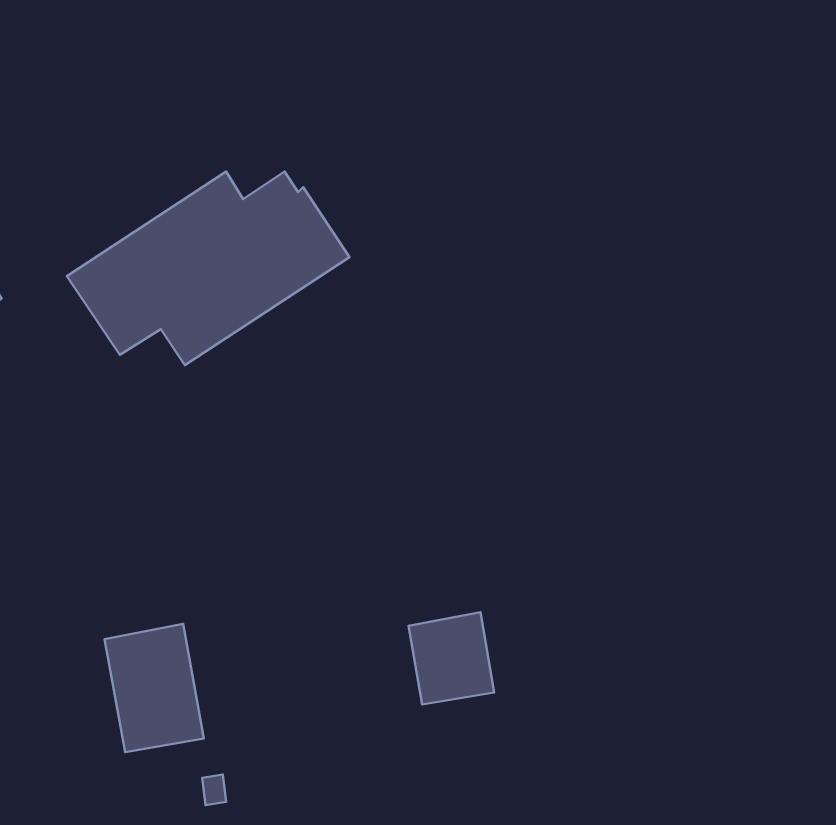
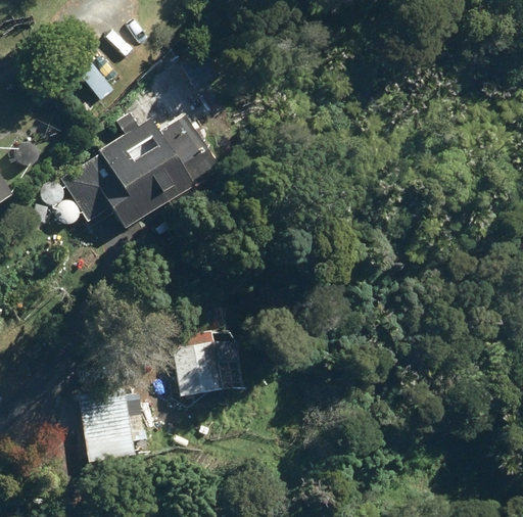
building: [409,612,494,705] -> [172,340,223,395]

